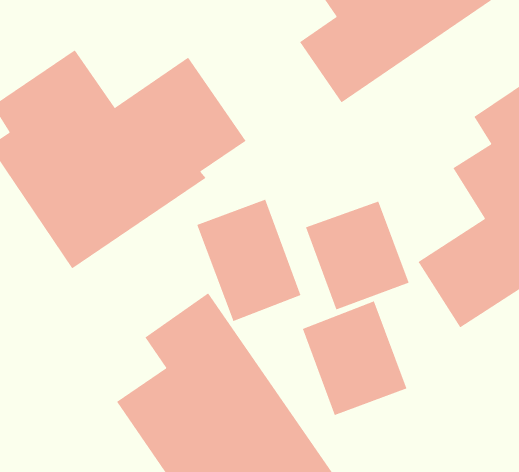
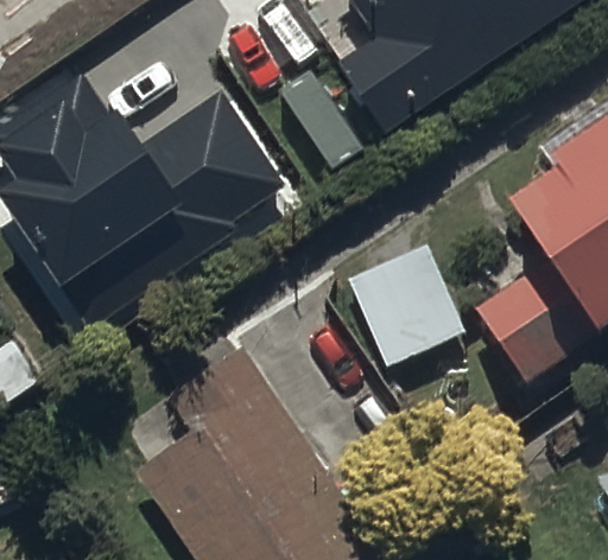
building: [197,199,301,322] -> none
building: [302,301,407,416] -> none

